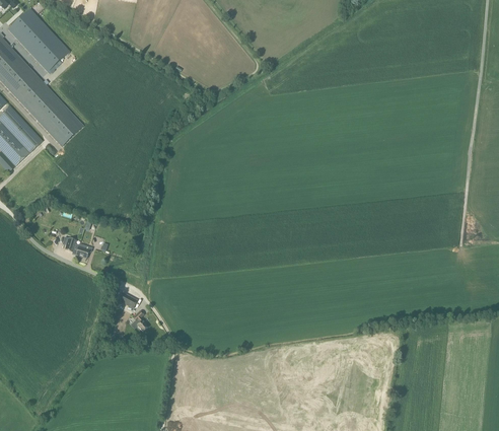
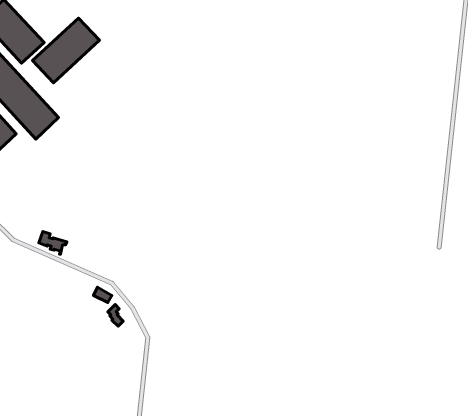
building: none -> [33,18,99,83]

